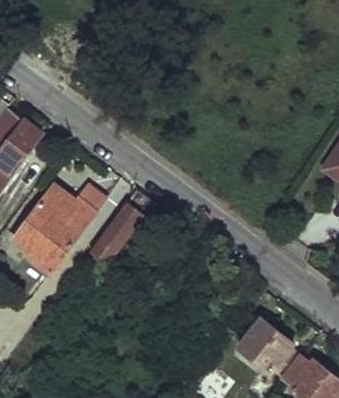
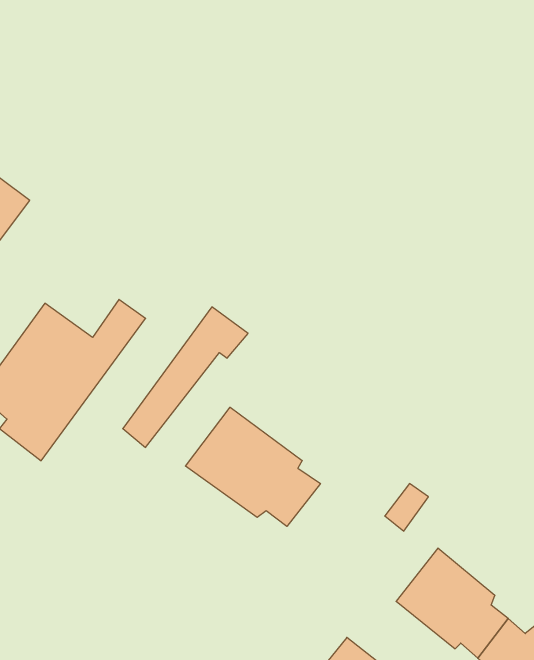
building: none -> [185,407,320,526]

